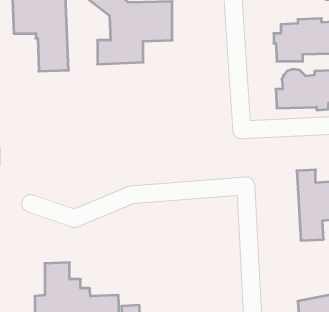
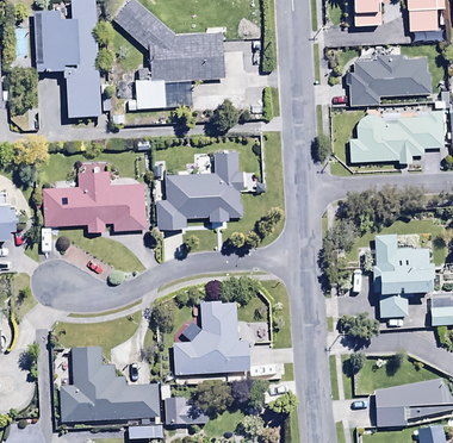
building: none -> [156,150,243,229]
building: none -> [43,170,145,232]
building: none -> [174,300,250,375]

